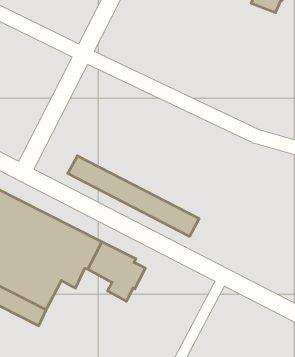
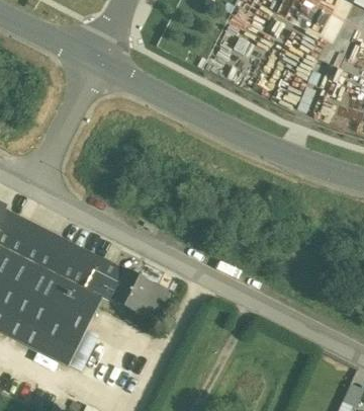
building: [68,156,199,236] -> none
building: none -> [52,309,91,365]

